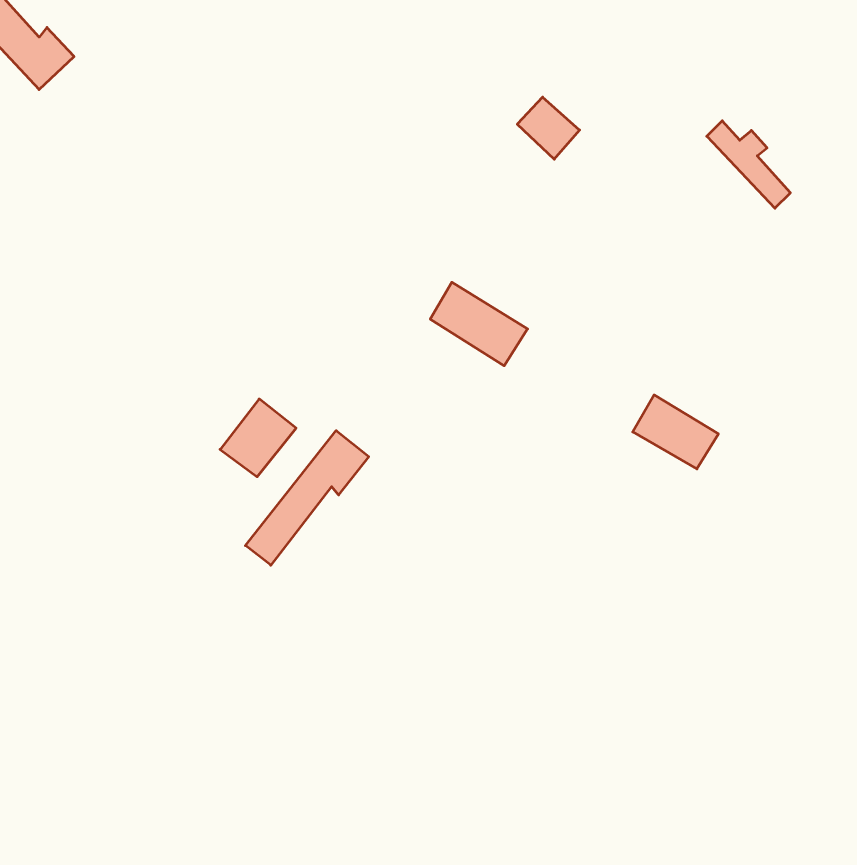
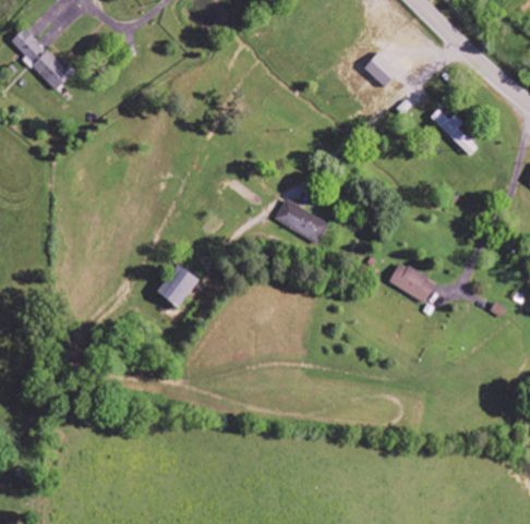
building: [517,97,580,159] -> [364,51,399,86]
building: [245,431,369,565] -> none

